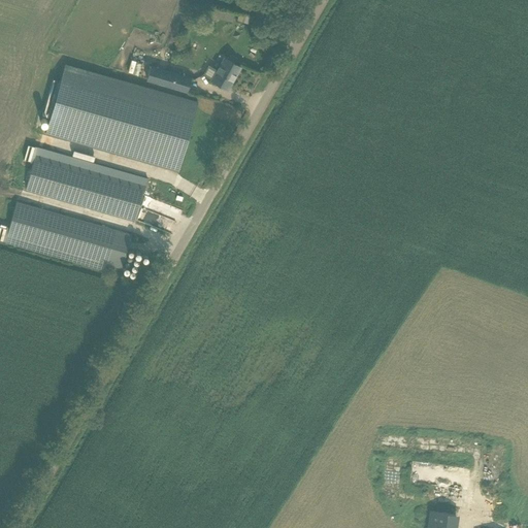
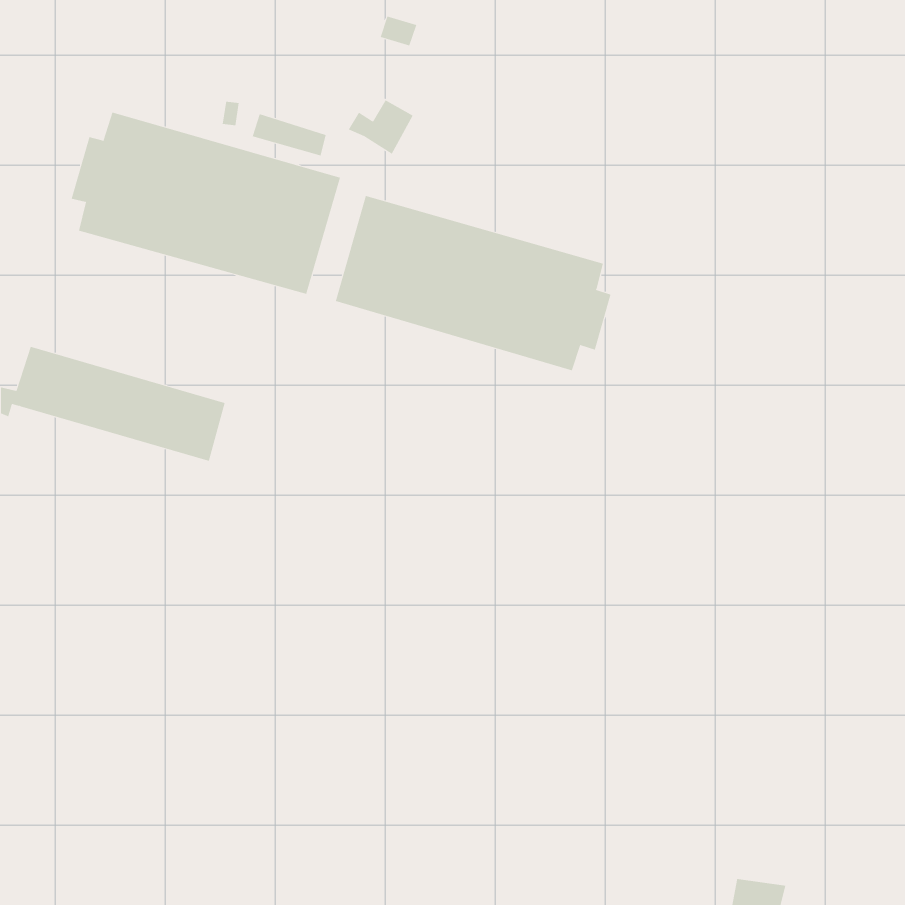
building: none -> [335,195,611,371]
building: [27,156,146,222] -> none

